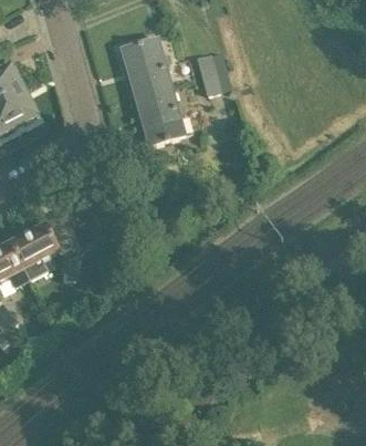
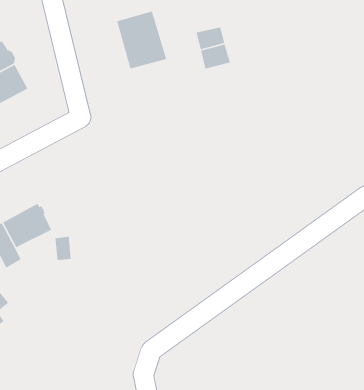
building: [134,84,184,144] -> none

